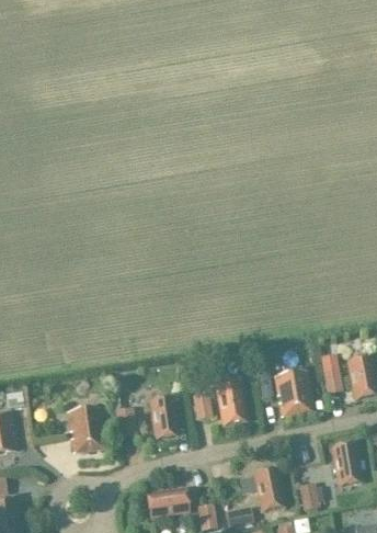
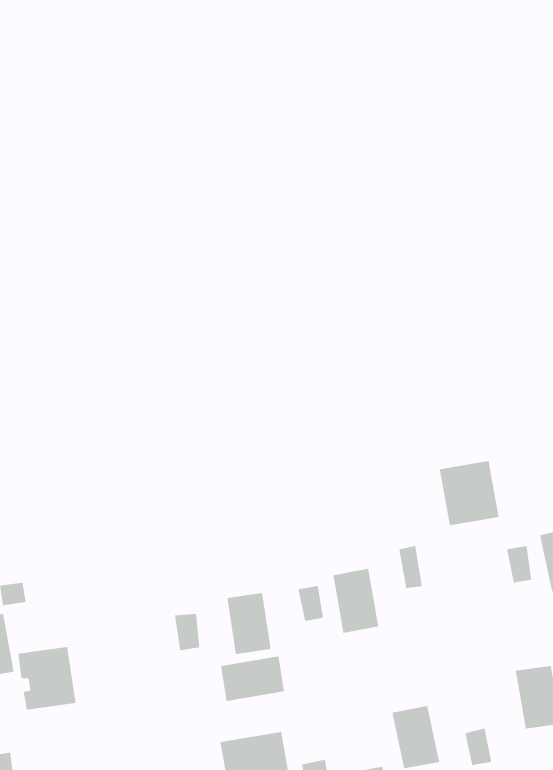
building: [274,372,312,413] -> [439,460,500,526]
building: [67,409,104,450] -> [17,646,77,711]
building: none -> [220,656,285,702]

